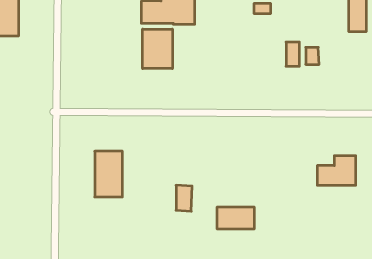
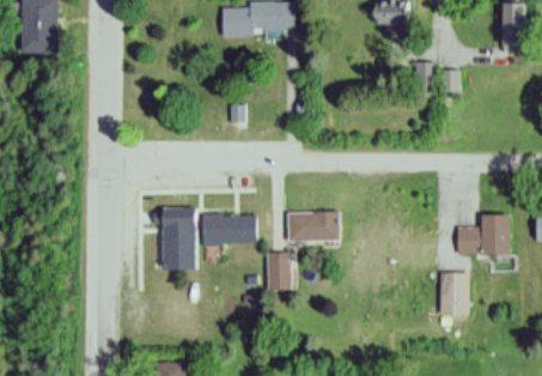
building: [143,29,172,69] -> none
building: none -> [203,213,256,243]
building: none -> [440,272,470,314]
building: [217,207,254,229] -> [287,212,337,241]

